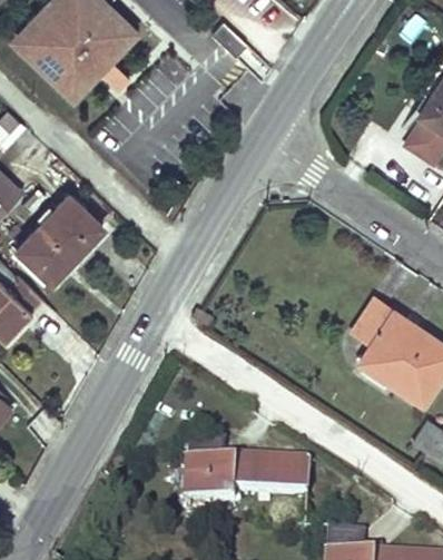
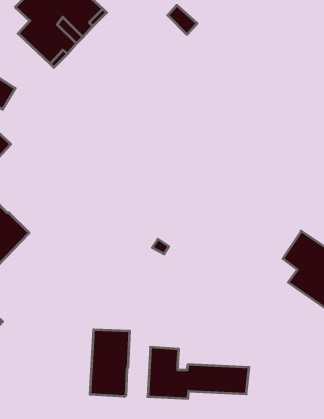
building: [17,197,102,284] -> none
building: none -> [90,330,129,397]

